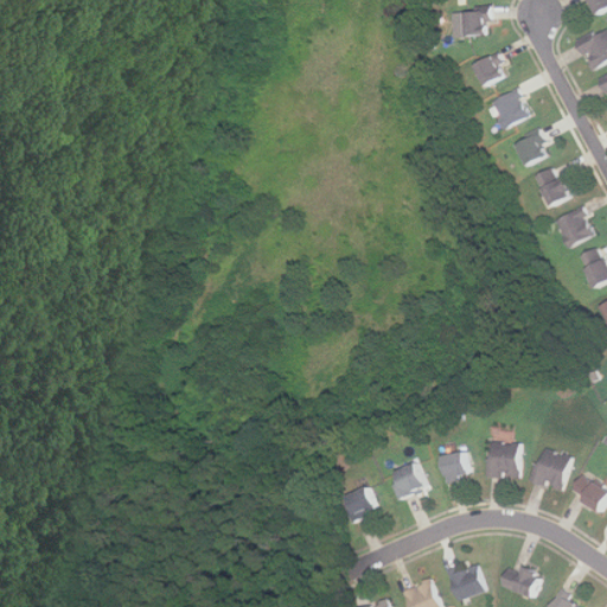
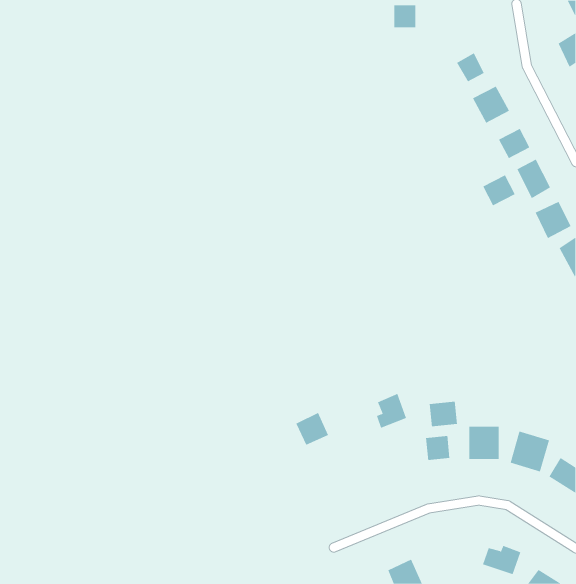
building: [464,13,487,37] -> [393,5,416,28]
building: none -> [482,174,515,206]
building: none -> [429,401,457,427]
building: [394,461,426,498] -> [376,393,407,428]
building: [343,486,377,520] -> [296,412,329,445]
building: [447,563,484,600] -> none

